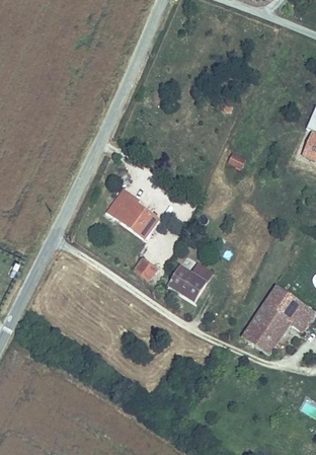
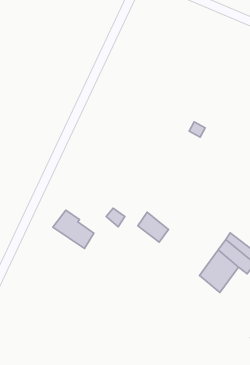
building: [105,187,154,233] -> [53,210,94,248]

